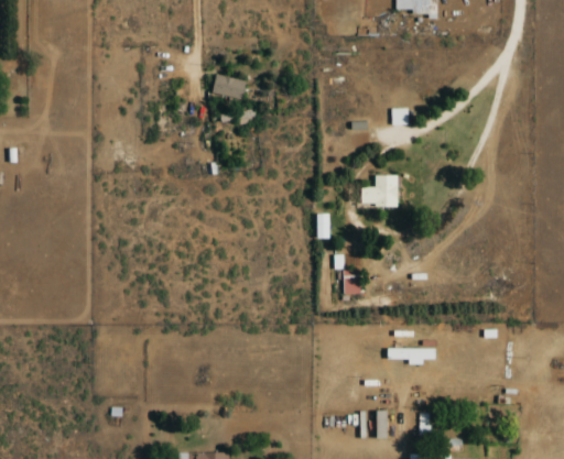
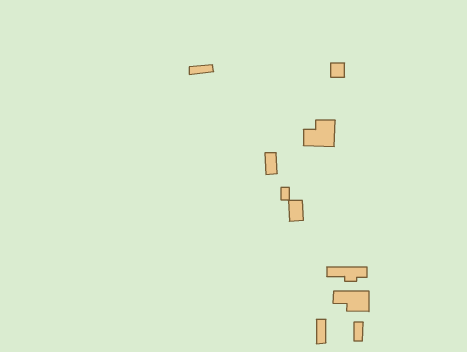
building: [212,75,246,101] -> none
building: none -> [333,291,369,312]

